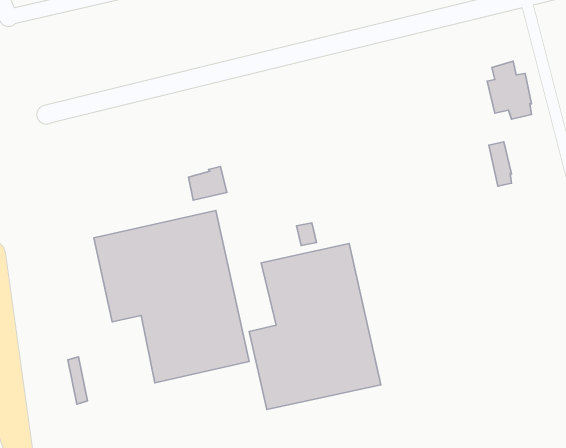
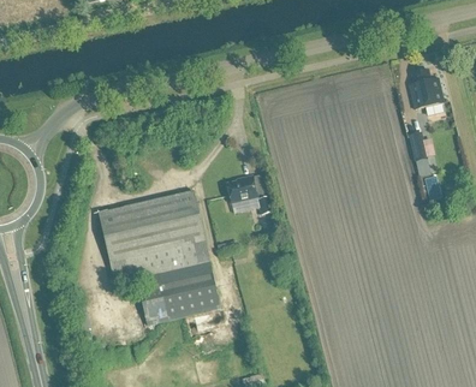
building: [189,167,227,200] -> [227,175,257,202]
building: [249,244,381,410] -> none

